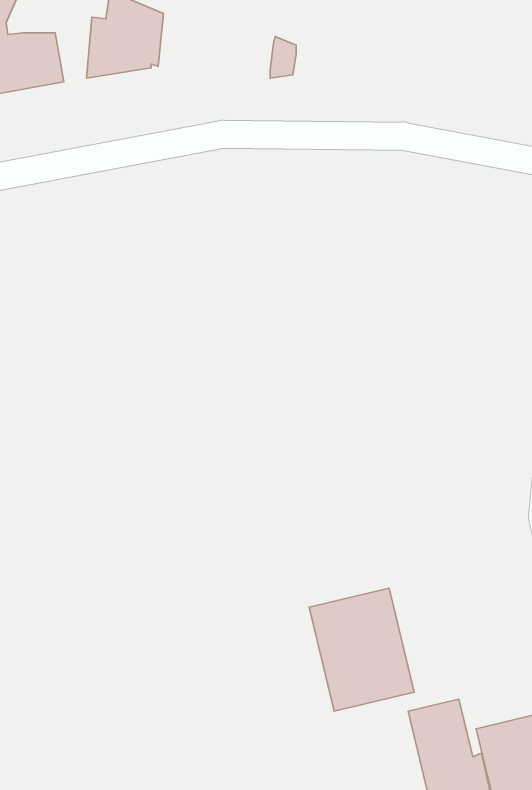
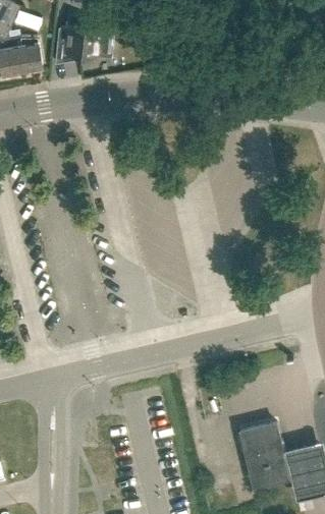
building: [309,588,414,711] -> none

